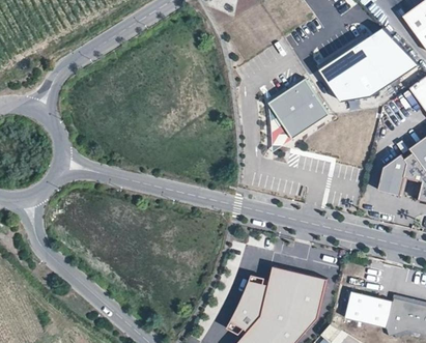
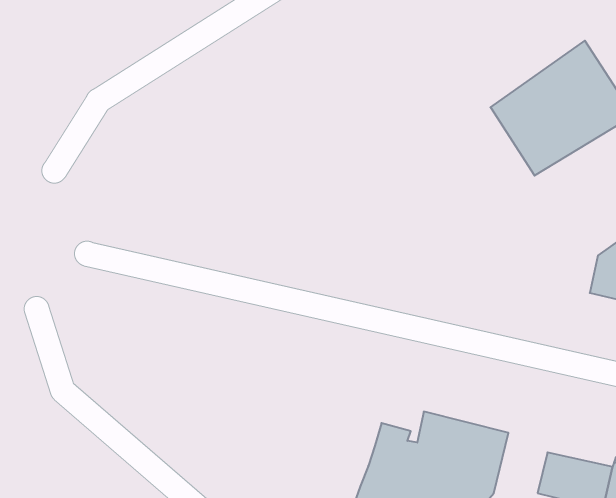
building: [268,78,329,138] -> none

